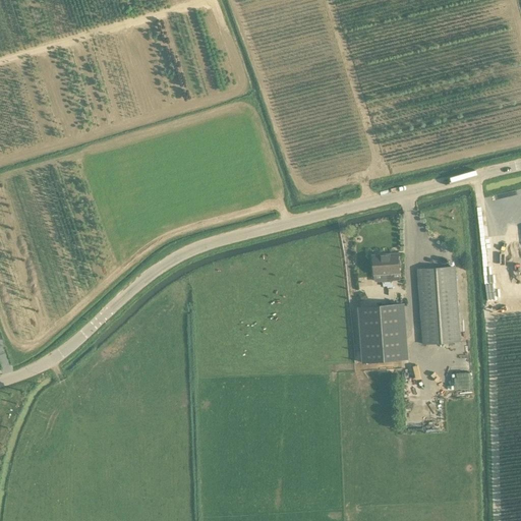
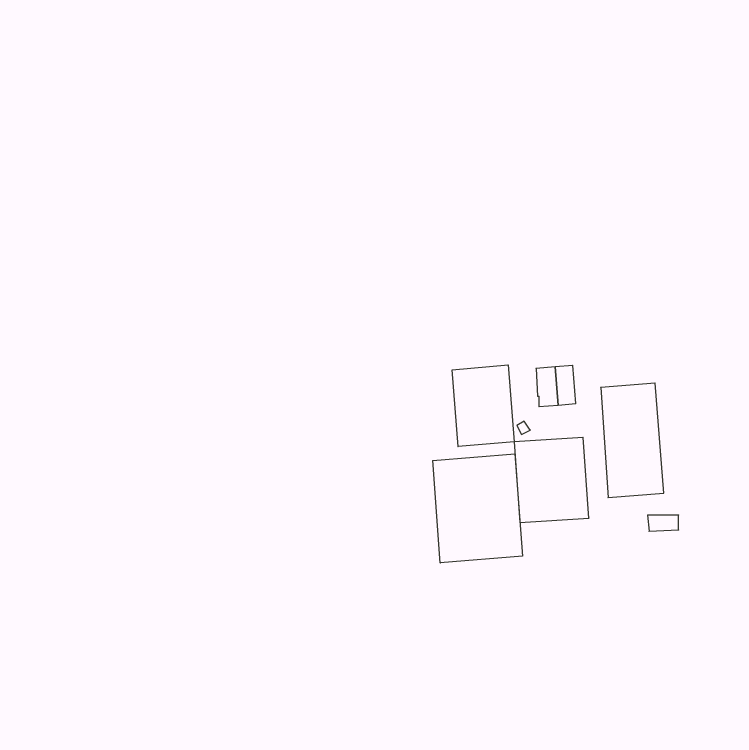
building: none -> [452,365,514,447]
building: none -> [433,454,522,563]

